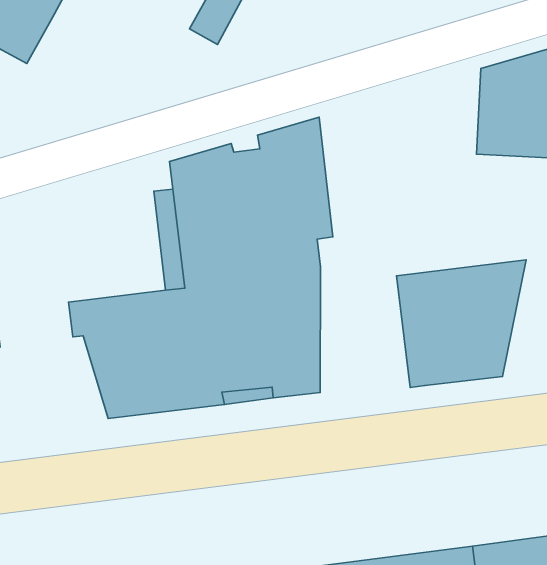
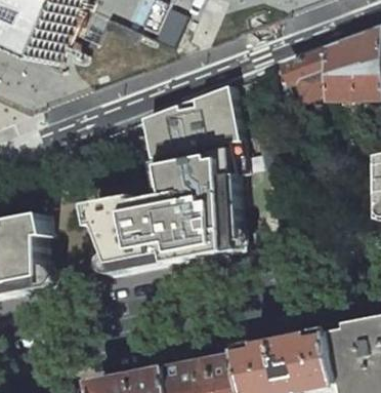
building: none -> [280,48,321,99]
building: [397,260,526,387] -> none

